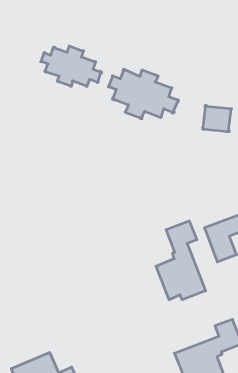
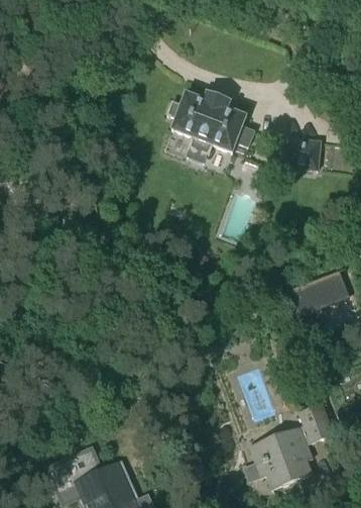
building: [41,46,102,87] -> none
building: [156,221,206,300] -> none

